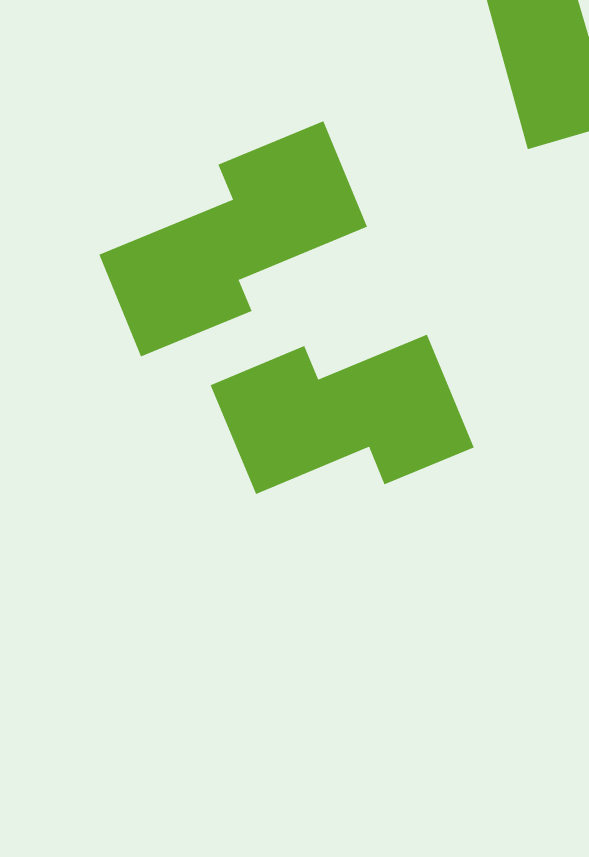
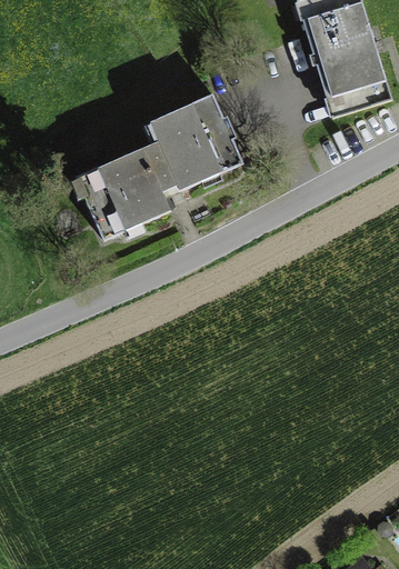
building: [210,334,474,495] -> none

